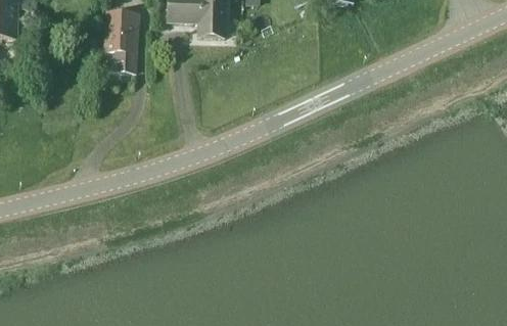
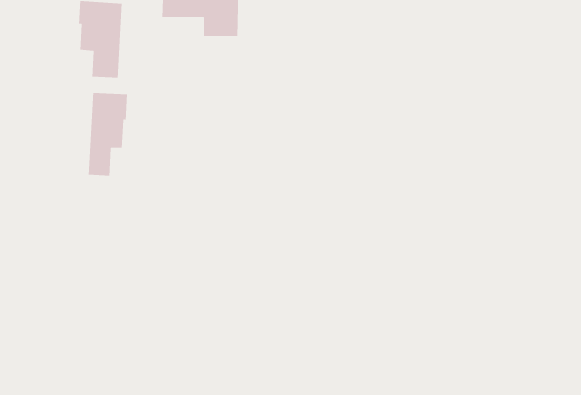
building: none -> [88,92,128,177]

